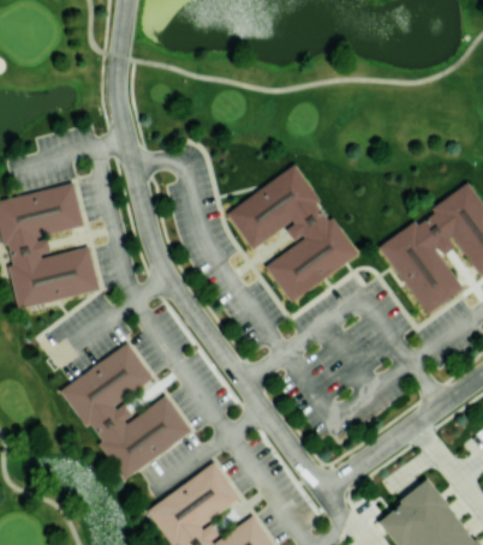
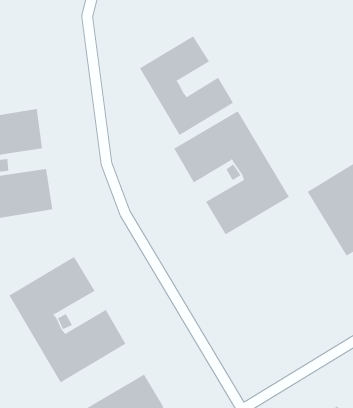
building: none -> [139,35,234,136]

